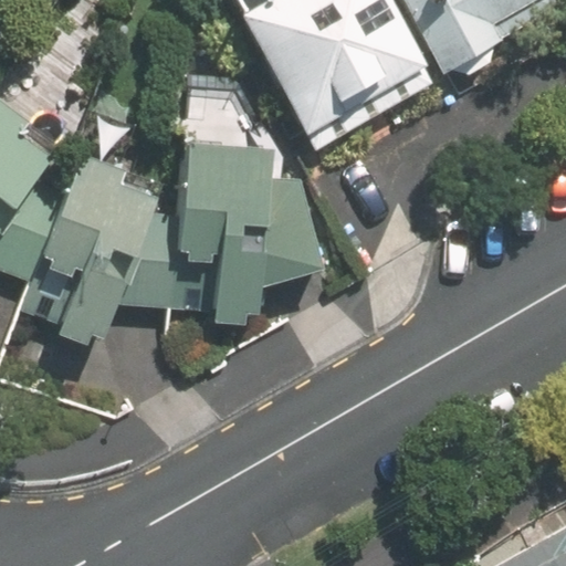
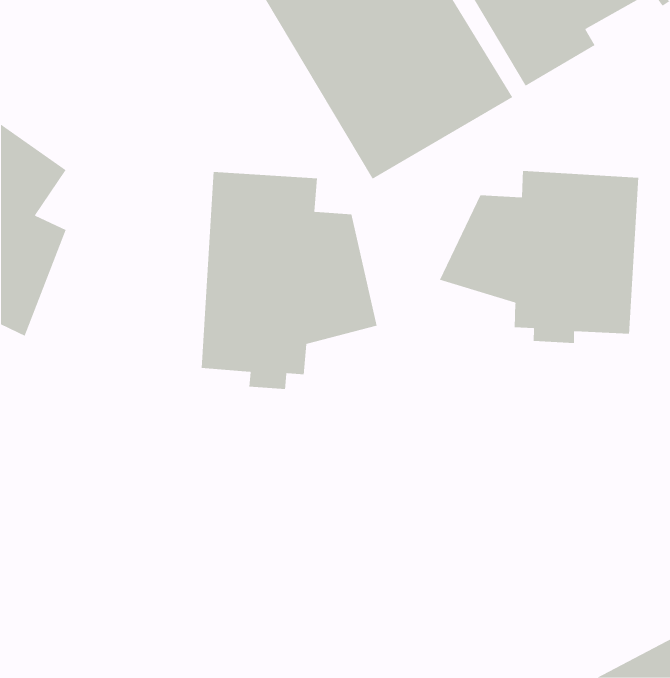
building: none -> [439,170,639,344]
building: [24,151,177,346] -> none

